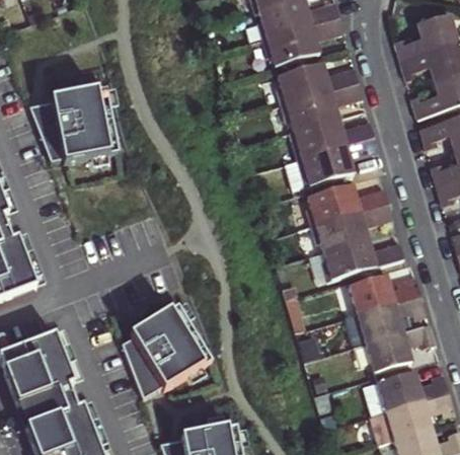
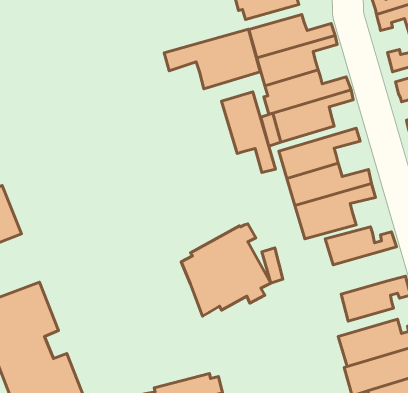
building: none -> [164,29,260,89]
building: [27,83,117,161] -> none
building: none -> [222,92,276,172]
building: [357,293,426,340] -> none
building: [120,304,210,397] -> [181,224,271,316]

